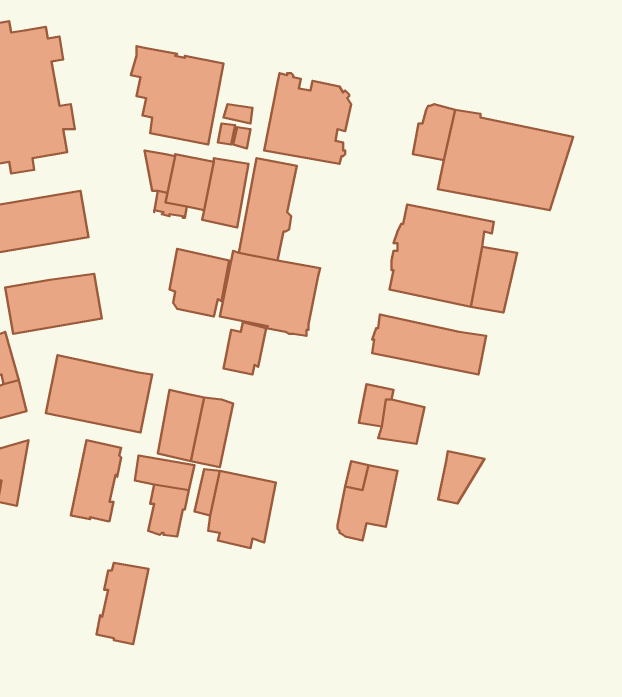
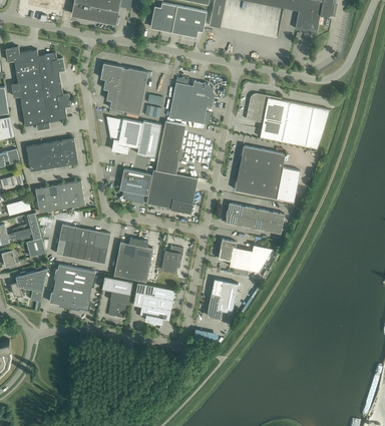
building: [224,322,266,374] -> [160,246,182,273]
building: [438,451,484,503] -> [248,245,272,272]
building: [96,563,149,644] -> [49,265,76,307]

